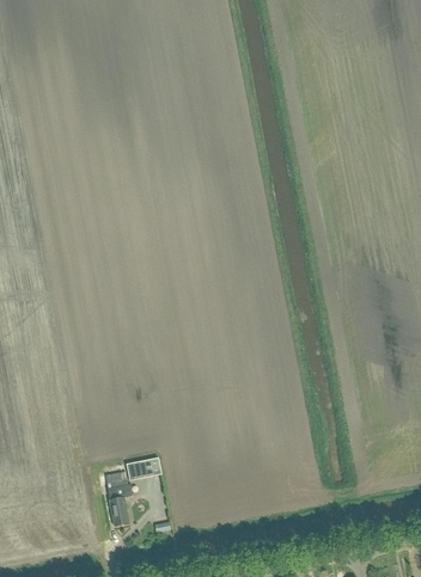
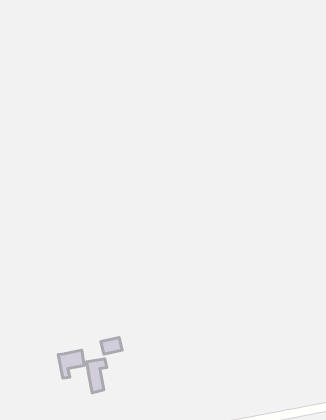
building: none -> [58,350,84,378]

